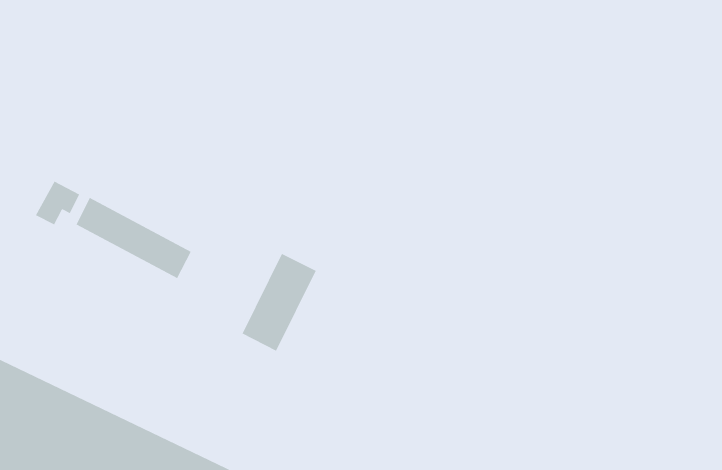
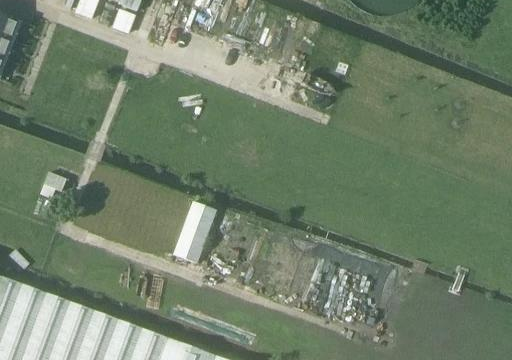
building: [75,197,192,279] -> none

